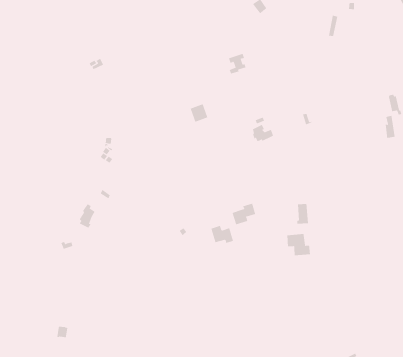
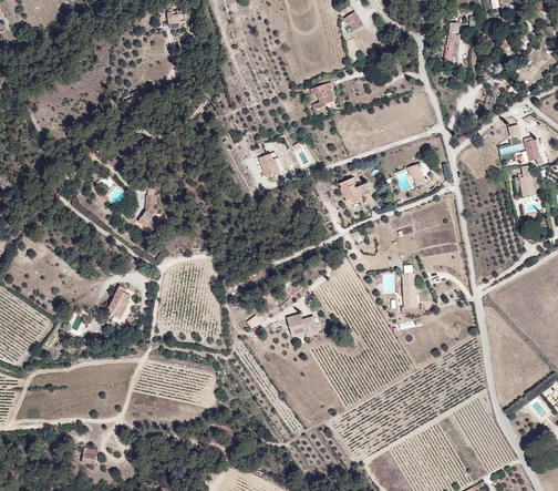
building: [232,203,256,225] -> none
building: [287,233,310,256] -> none

